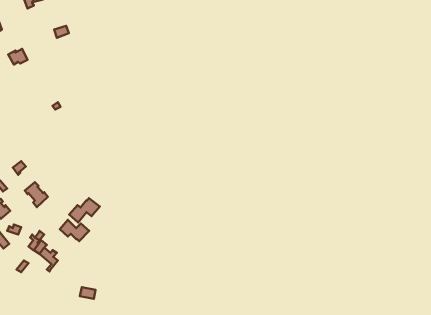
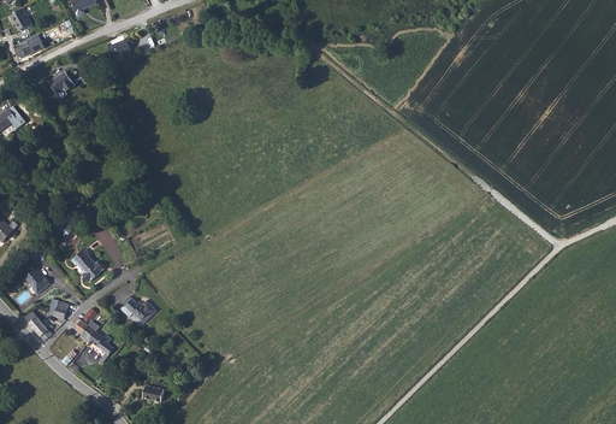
building: [69,198,100,223] -> none

